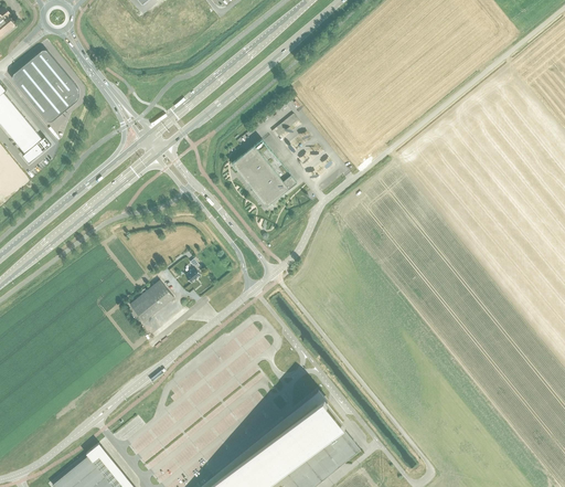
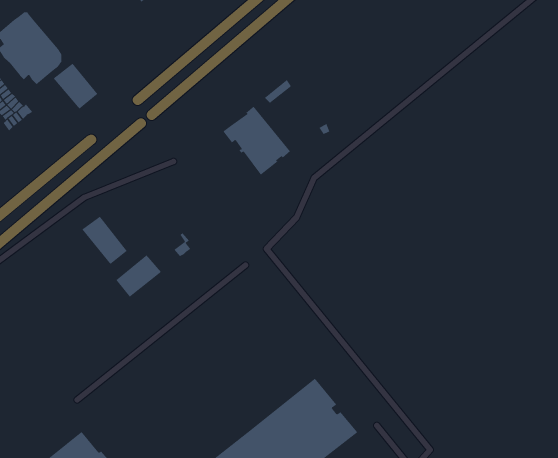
building: none -> [53,63,98,110]
building: none -> [82,216,128,265]

